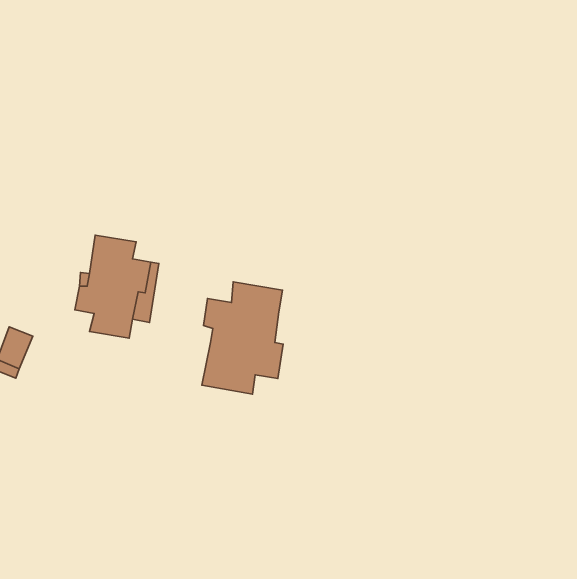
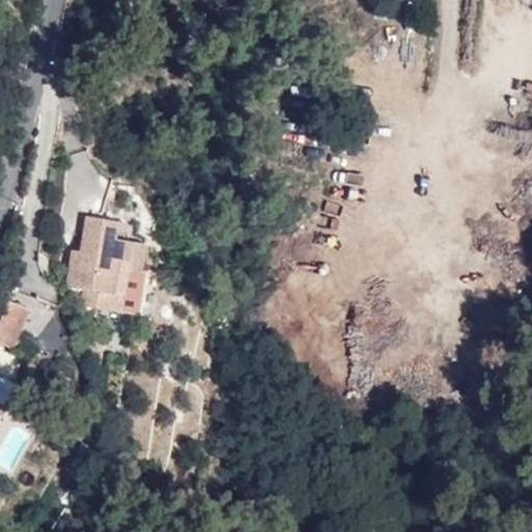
building: [202,282,283,394] -> none

